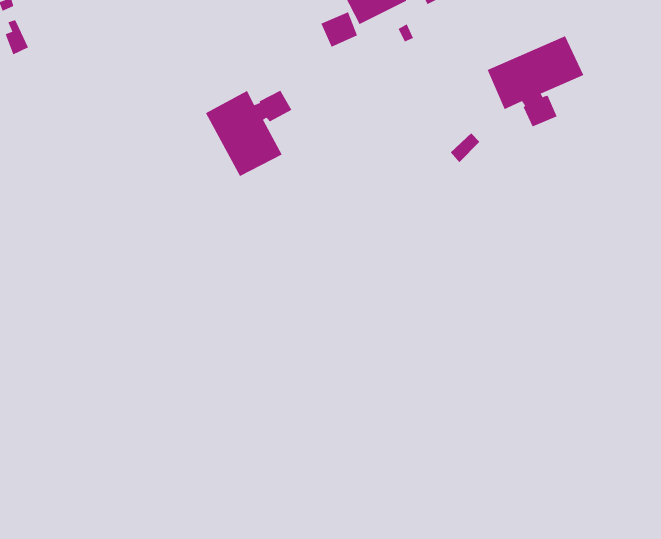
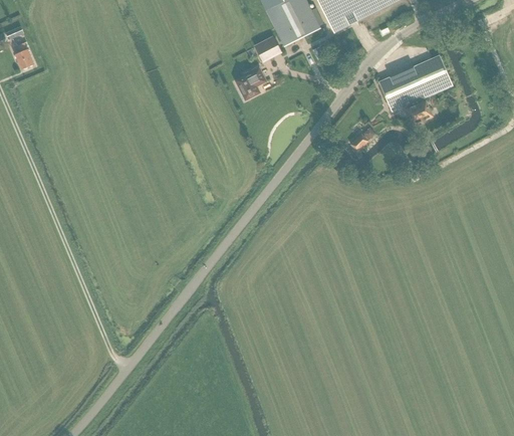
building: none -> [234,66,264,98]
building: [205,90,292,177] -> none

